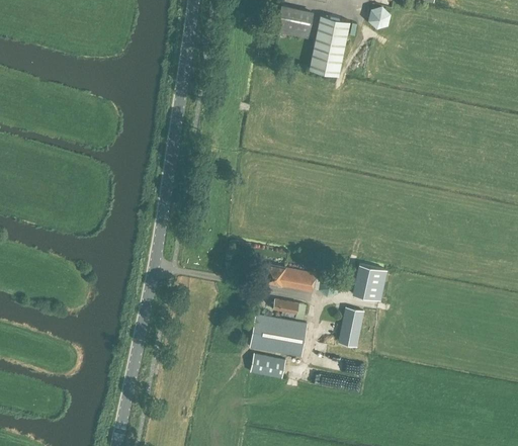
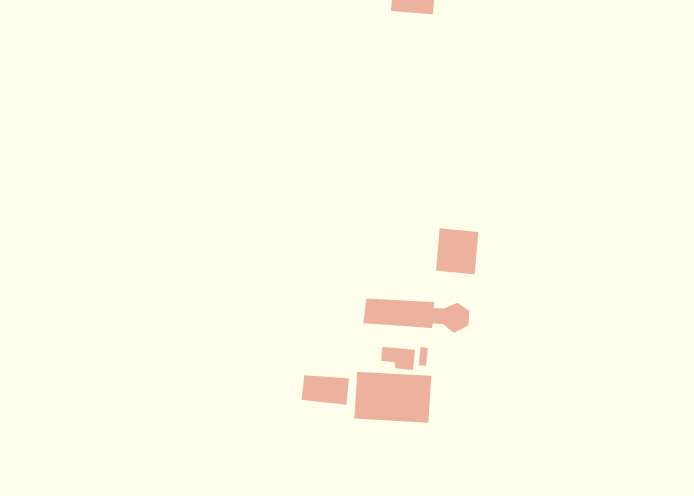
building: [352,267,385,302] -> [435,228,479,275]
building: [339,308,363,346] -> none
building: [250,354,285,378] -> [301,375,350,405]

